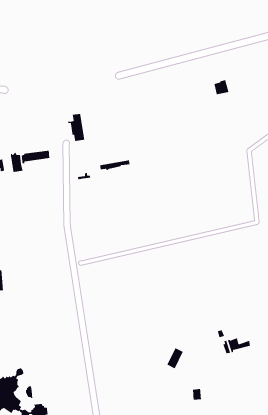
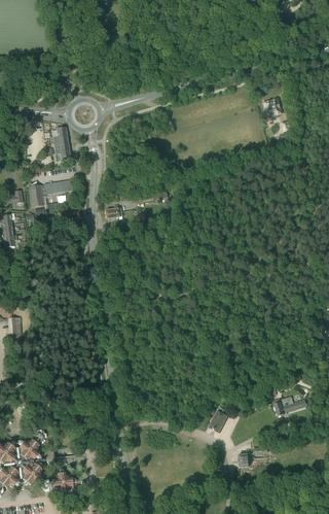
building: [67,113,85,142] -> [50,128,71,161]

